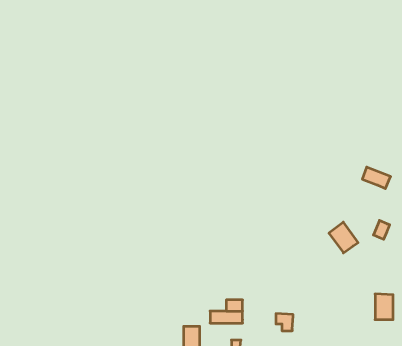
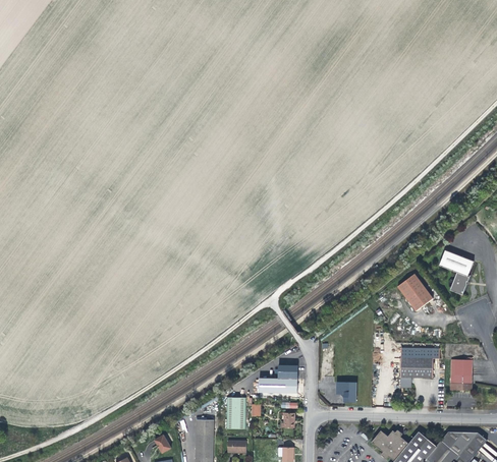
building: [362,167,391,189] -> [440,249,474,275]
building: none -> [398,345,438,386]

